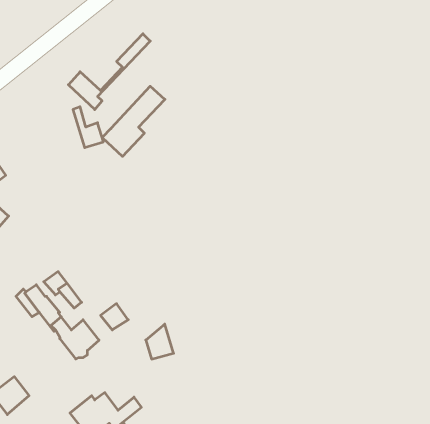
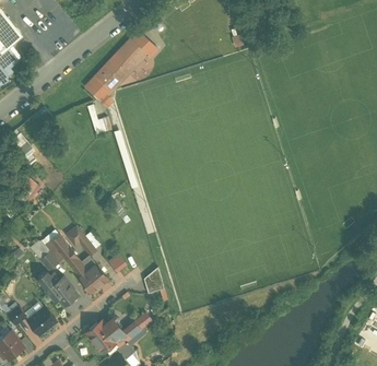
building: [102,86,165,156] -> [95,40,142,93]
building: none -> [43,274,79,307]

